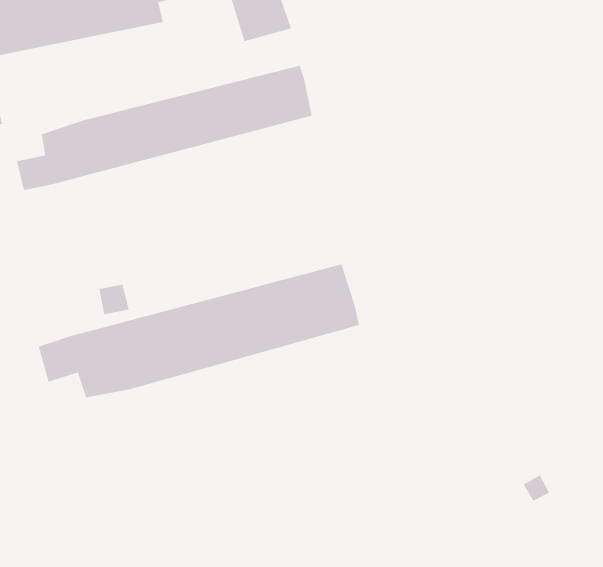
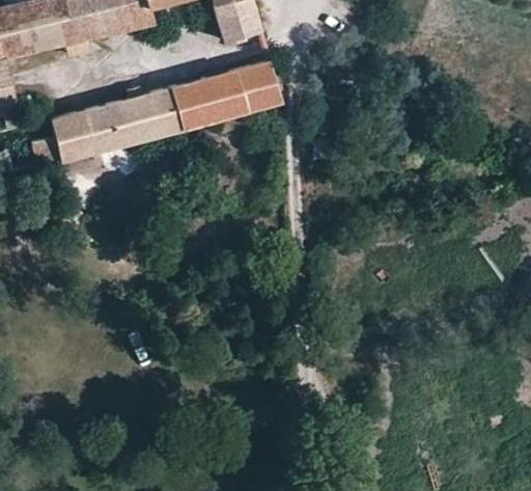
building: [38,264,359,398] -> none

